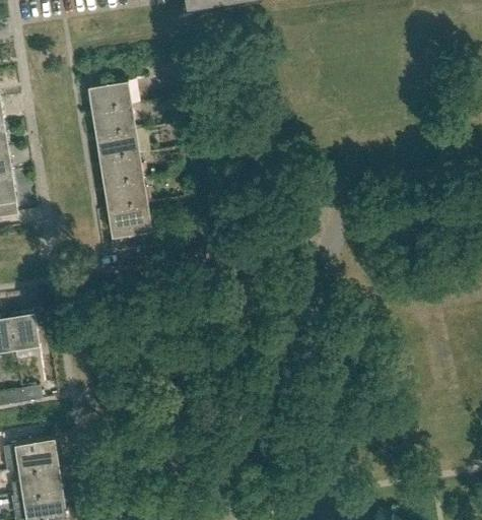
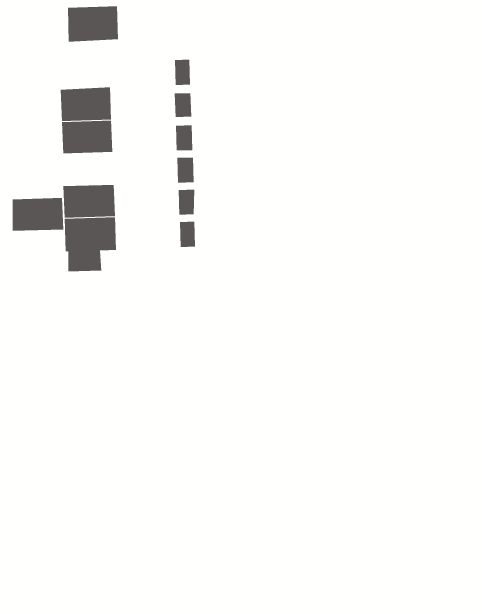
building: [88,81,131,114] -> [67,6,119,42]
building: [100,156,143,187] -> [12,198,64,231]

